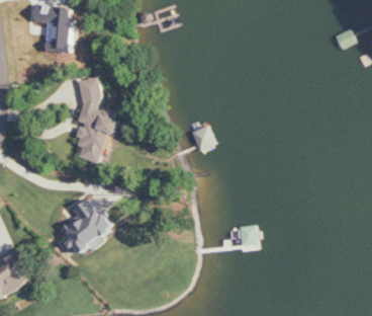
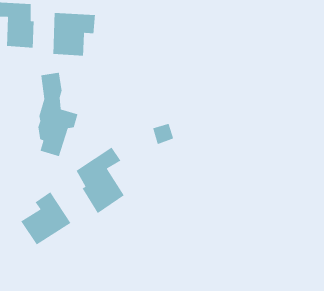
building: none -> [52,12,96,57]
building: none -> [75,146,125,214]

